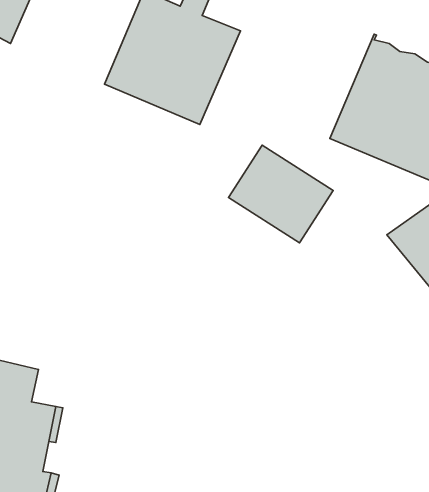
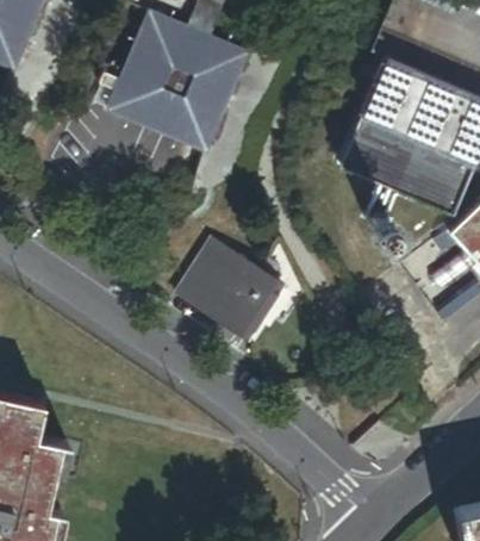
building: [228,145,333,243] -> [176,240,283,340]

